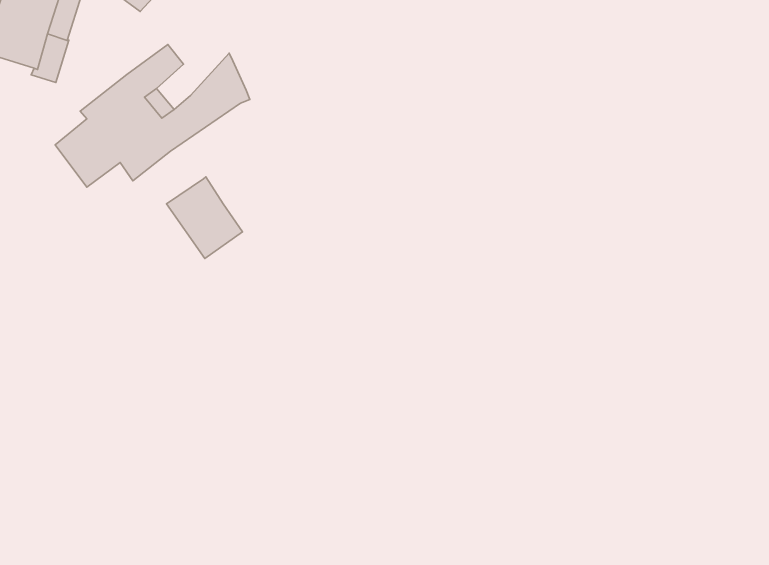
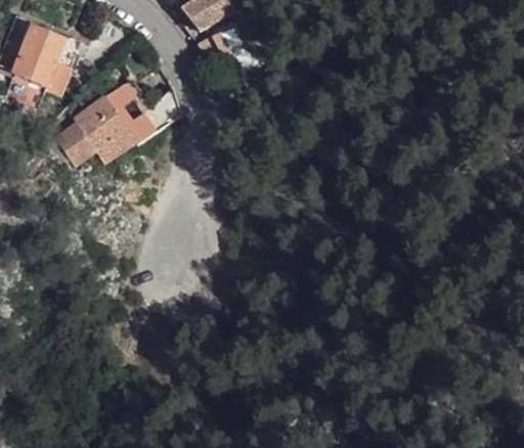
building: [167,177,242,259] -> none

